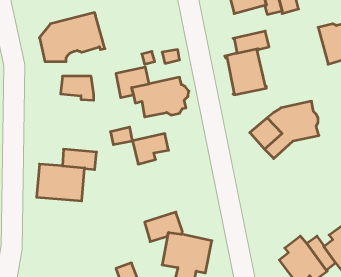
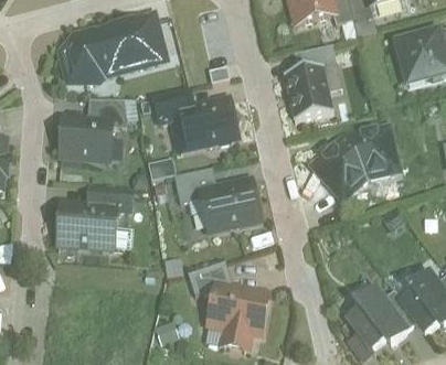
building: none -> [129,19,164,65]
building: none -> [61,117,112,159]
building: none -> [199,179,261,232]

